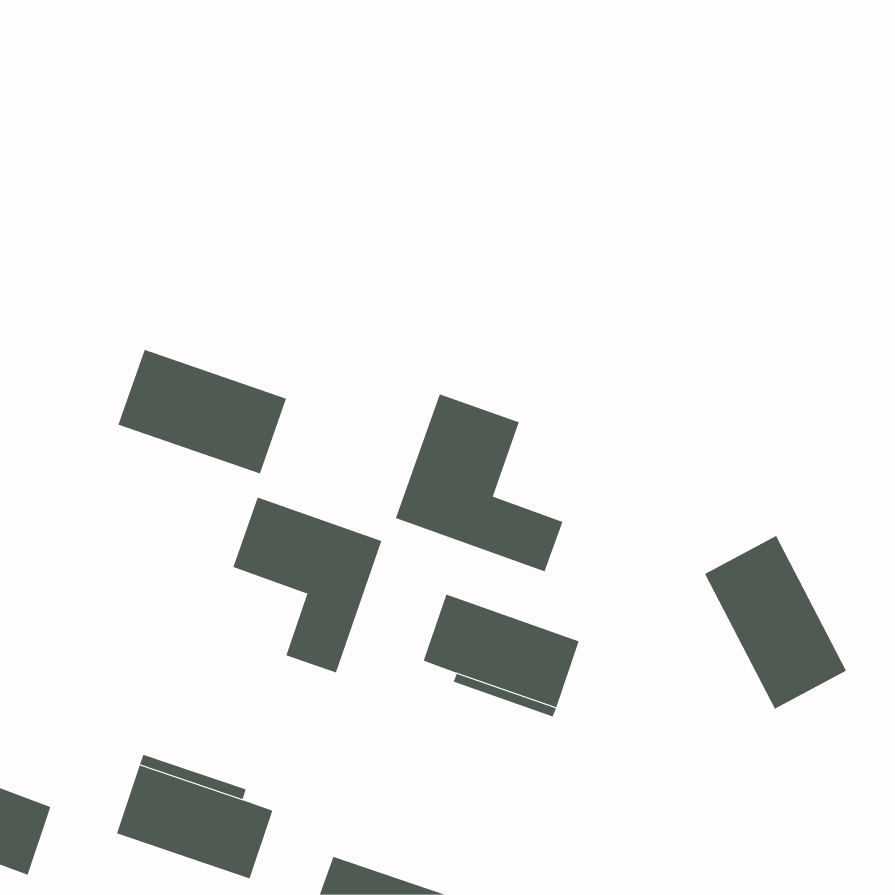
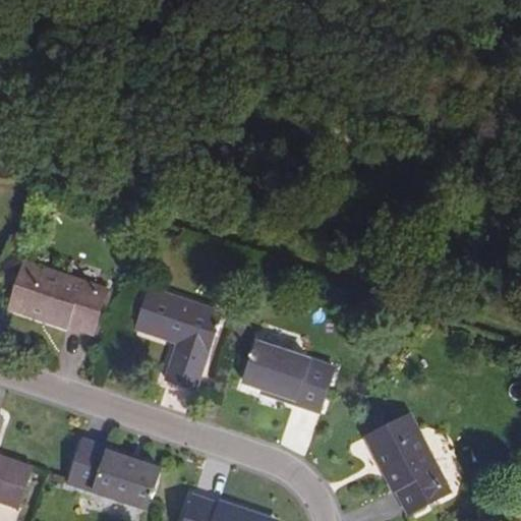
building: [118,349,287,474] -> [8,260,106,333]
building: [395,394,563,572] -> none
building: [704,535,847,709] -> [366,412,449,513]

